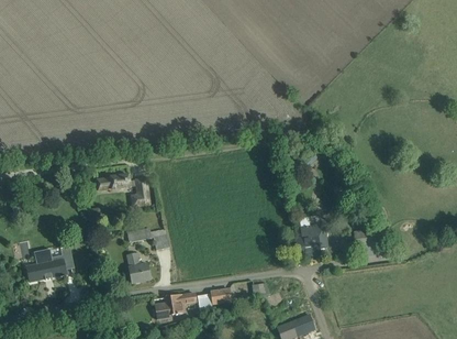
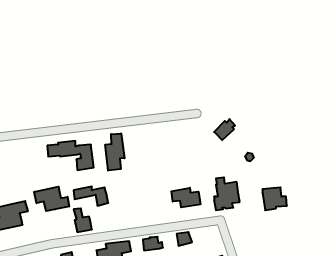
building: none -> [105,133,125,171]
building: none -> [34,187,69,211]
building: none -> [171,188,200,207]

